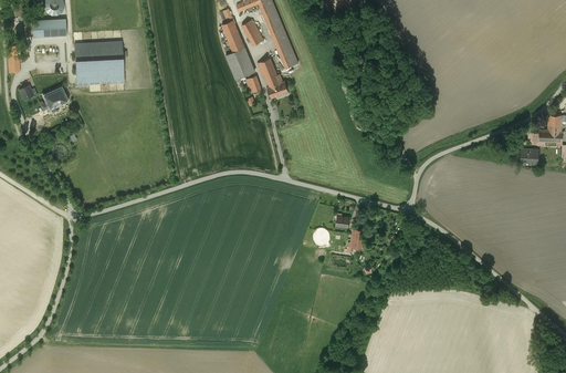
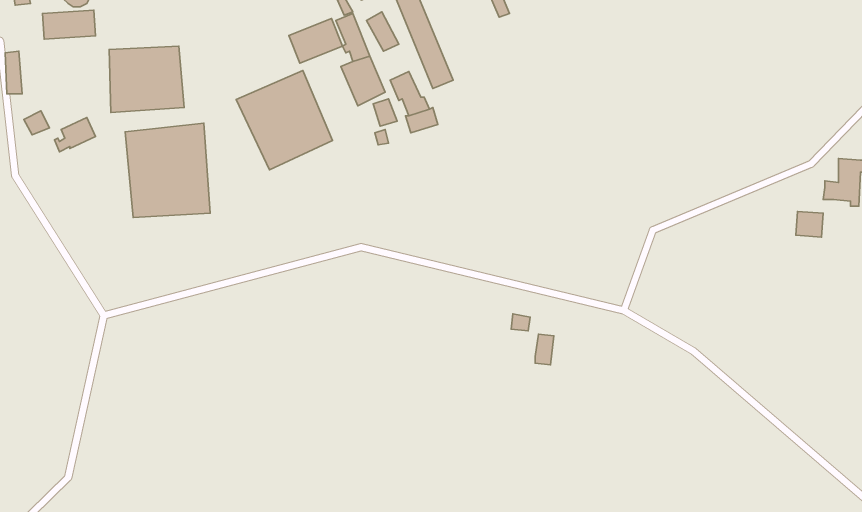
building: none -> [289,18,343,63]
building: none -> [236,71,332,170]
building: none -> [125,123,210,217]

